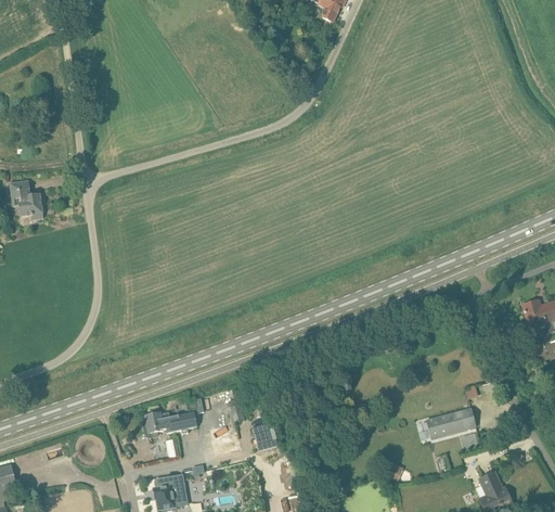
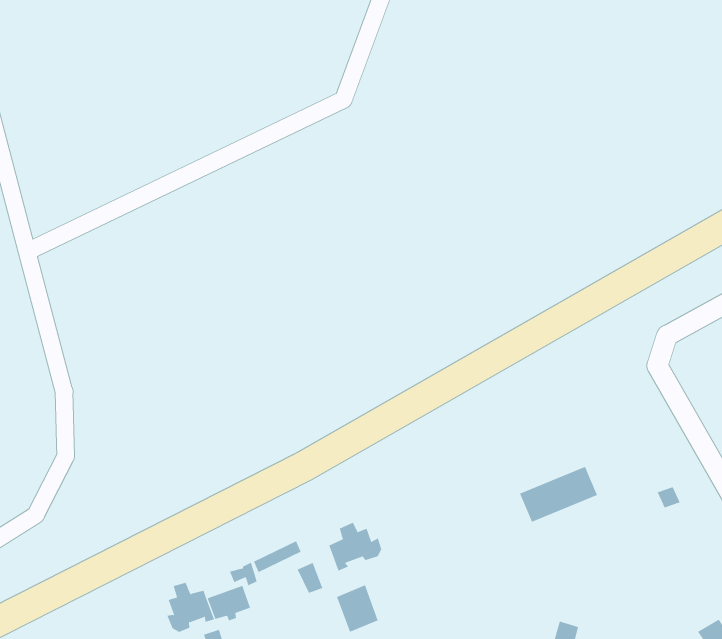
building: none -> [328,522,382,571]
building: [426,408,476,439] -> [519,466,598,523]

